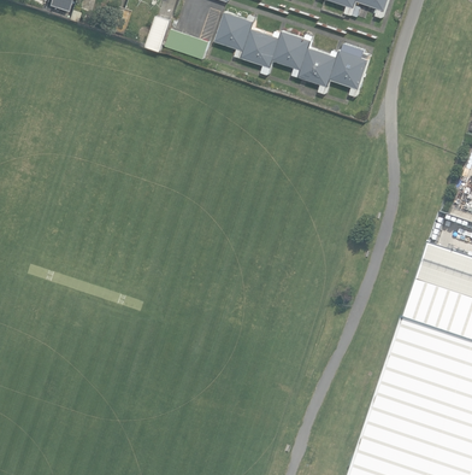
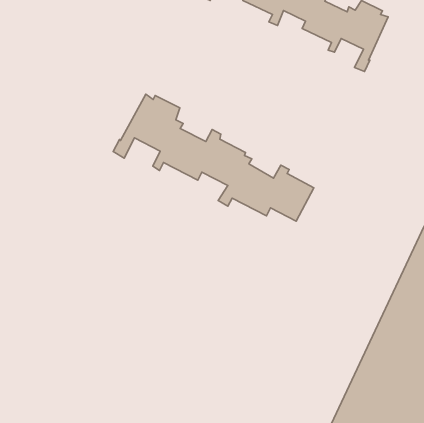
building: none -> [113,94,314,221]

